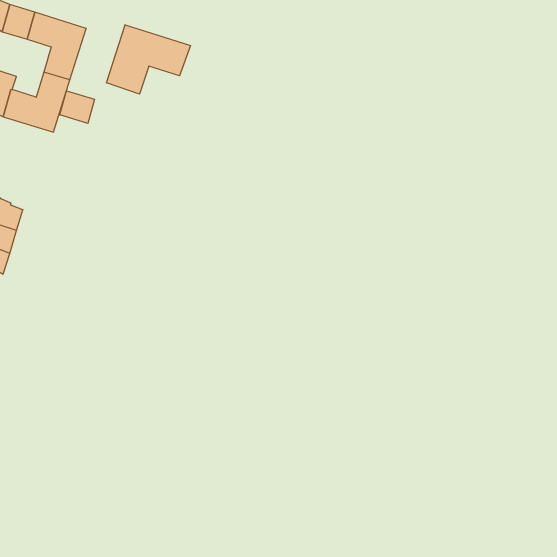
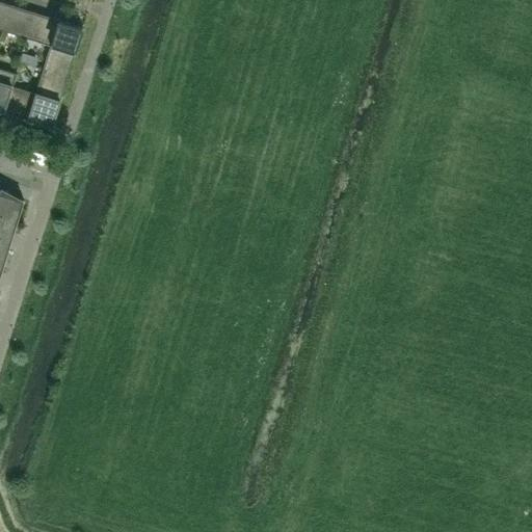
building: [107,25,190,94] -> none
building: [60,91,95,123] -> none

